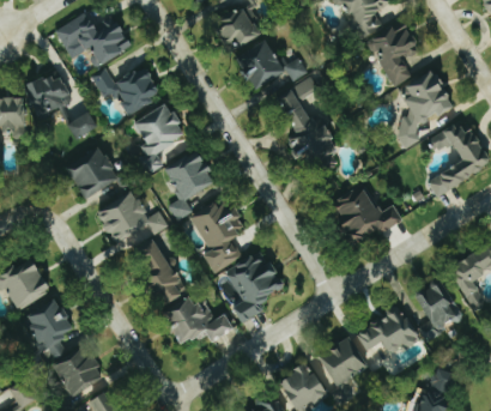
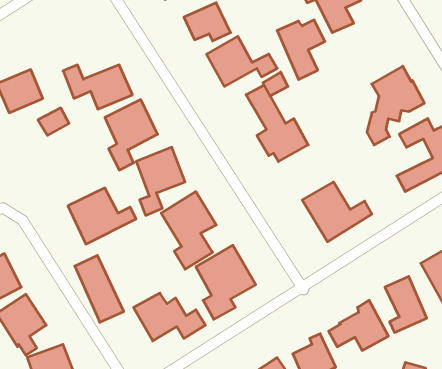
building: [54,12,132,68] -> none
building: [369,26,417,86] -> [277,20,325,80]
building: [65,147,117,199] -> none
building: [134,238,183,306] -> [75,255,124,322]

